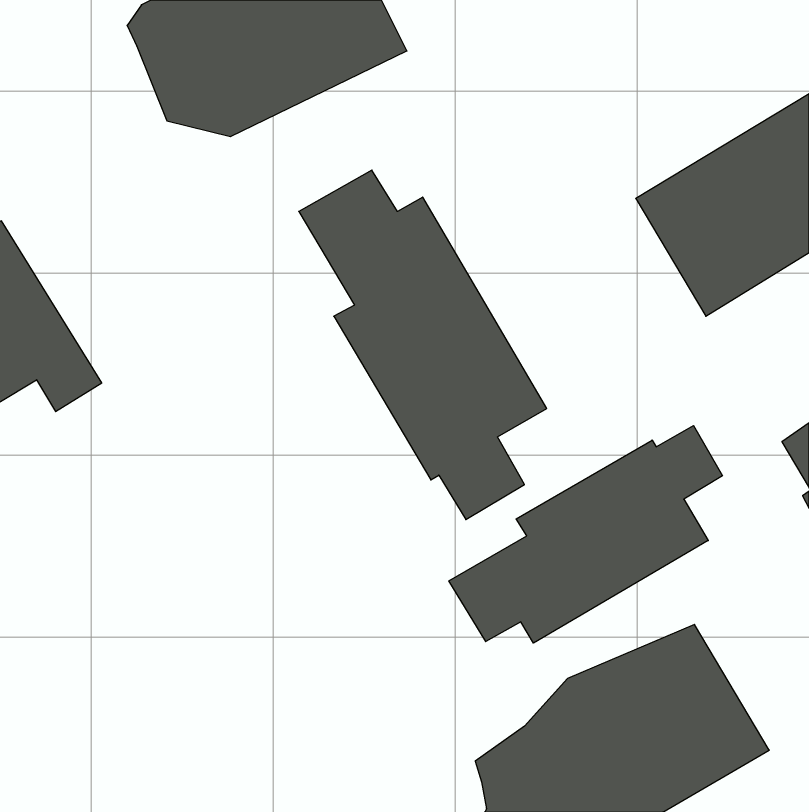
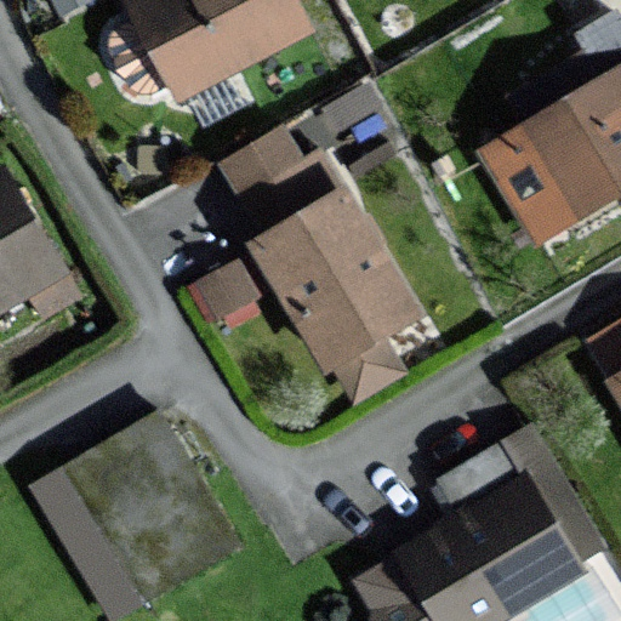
building: [449,426,722,643] -> none
building: none -> [38,414,235,615]

